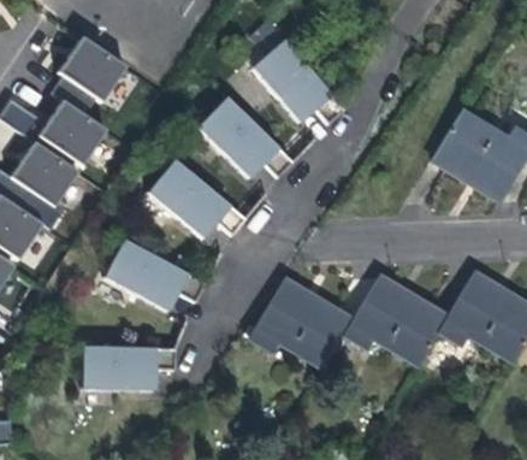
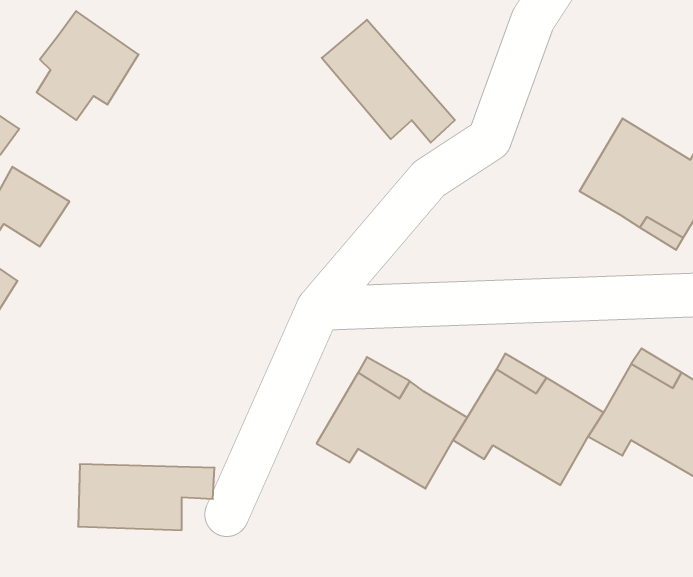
building: [37,96,105,161] -> none
building: [197,98,294,181] -> none
building: [149,161,247,238] -> none
building: [105,243,207,314] -> none

